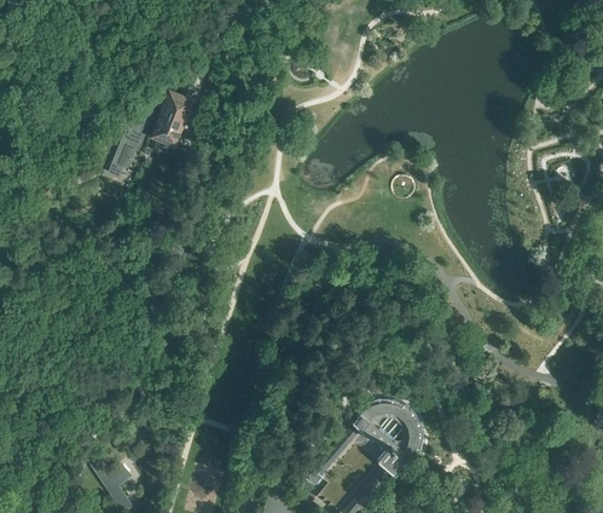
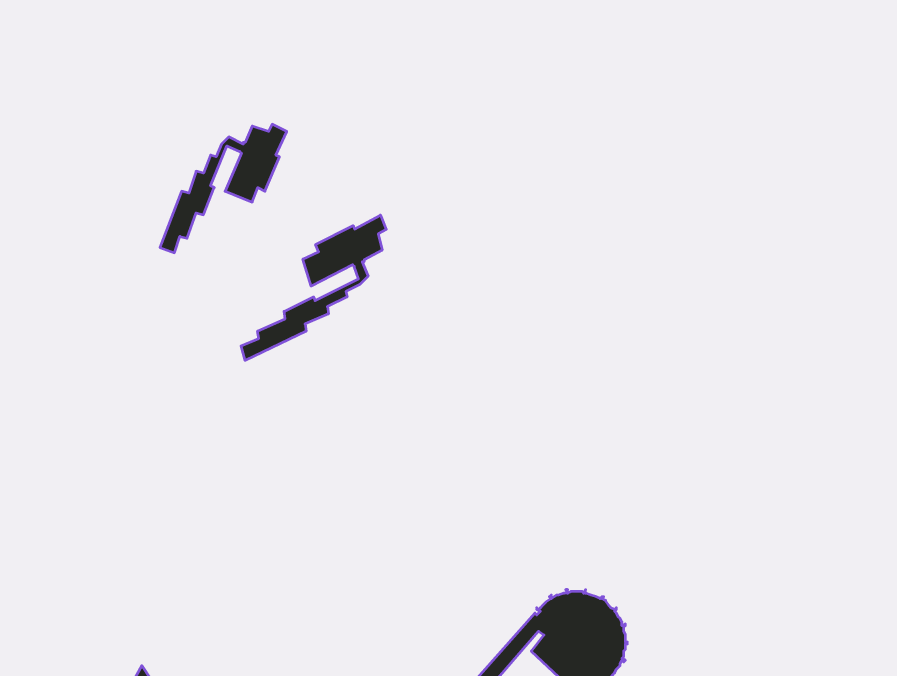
building: none -> [241,215,386,360]

